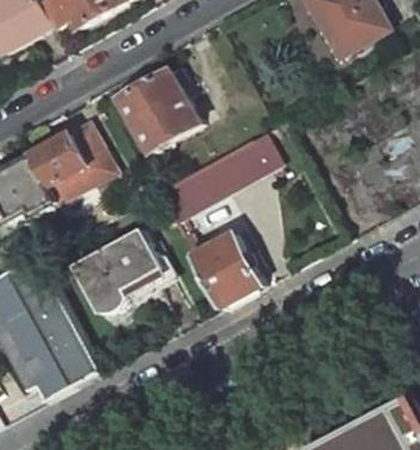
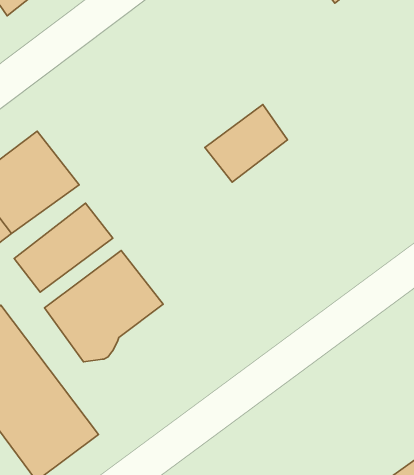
building: [119,71,198,152] -> none
building: [154,156,235,221] -> [14,203,113,292]
building: [190,234,261,309] -> none

